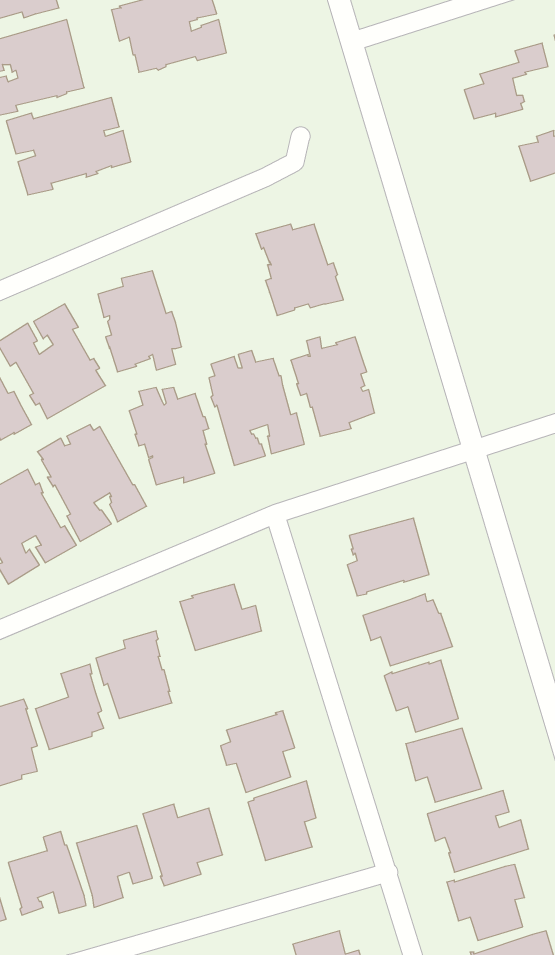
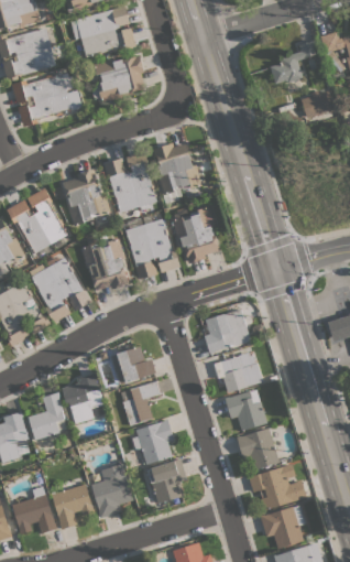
building: none -> [90,56,144,102]
building: none -> [103,152,156,213]
building: none -> [120,381,160,425]

